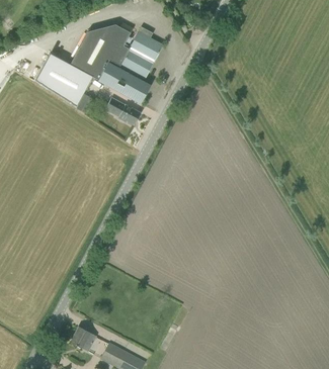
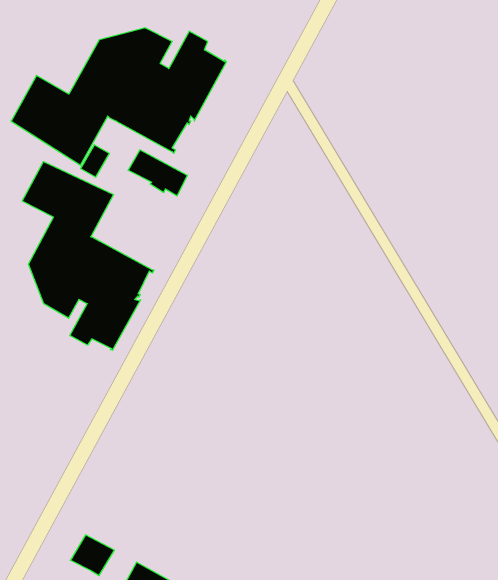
building: none -> [22,162,154,350]

